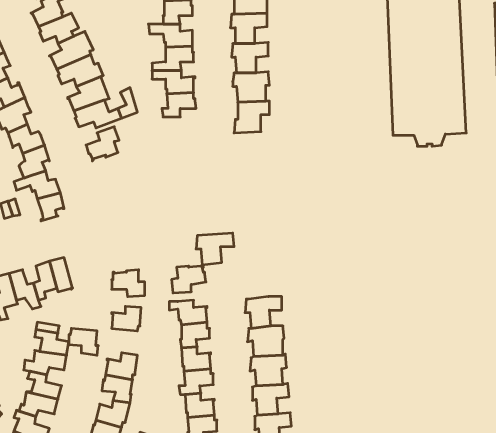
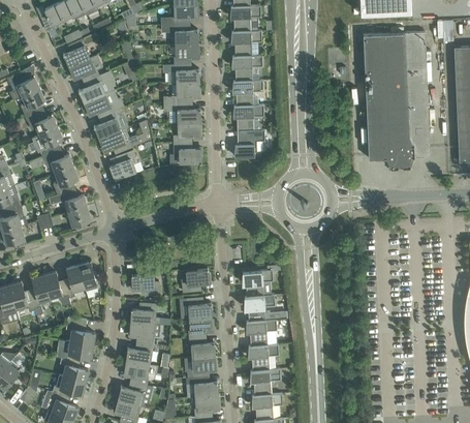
building: none -> [175,143,202,164]
building: [196,233,234,265] -> [242,270,274,297]
building: [69,328,98,355] -> [129,322,154,344]

